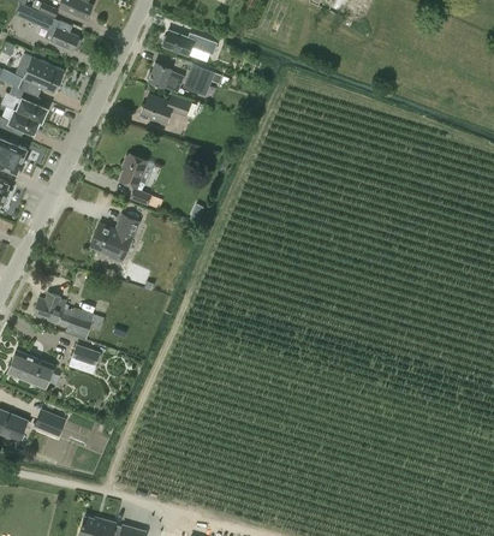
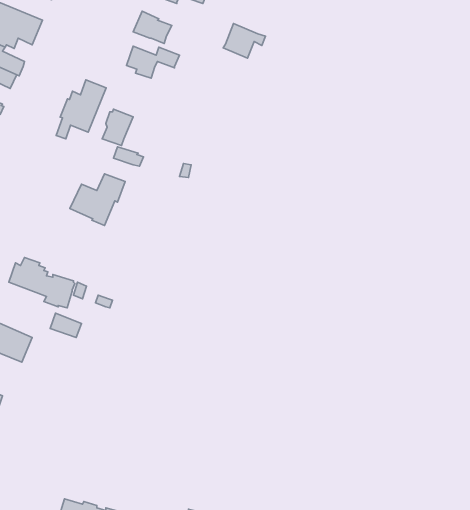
building: [183,64,222,96] -> [223,23,266,58]
building: none -> [56,80,106,139]
building: [34,409,66,437] -> none

